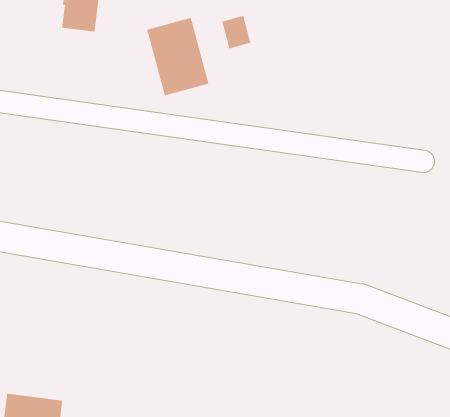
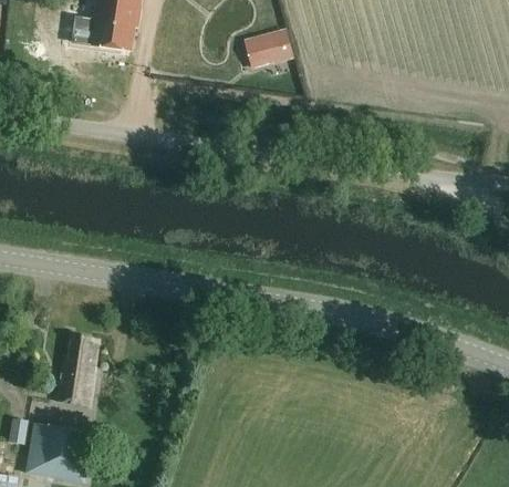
building: [146,17,209,96] -> none
building: none -> [56,336,96,405]

